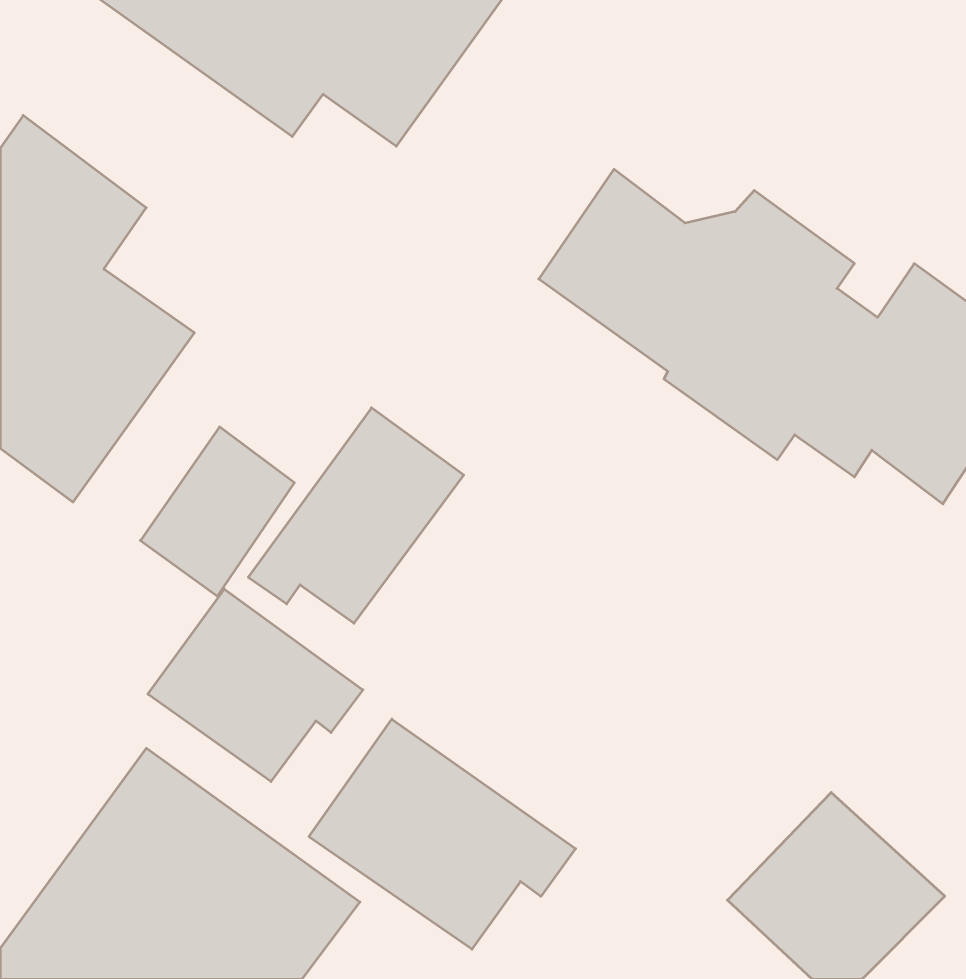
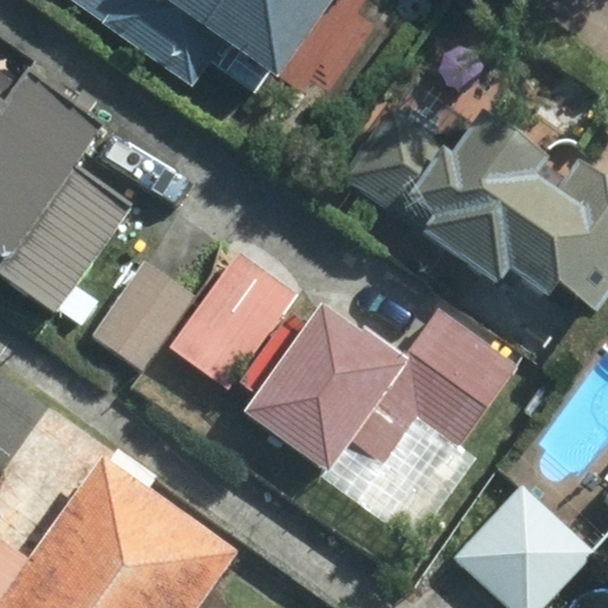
building: none -> [241,311,513,469]
building: [148,589,363,782] -> none
building: [309,719,576,949] -> none

